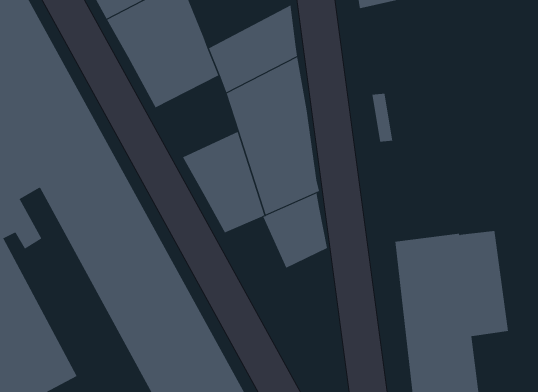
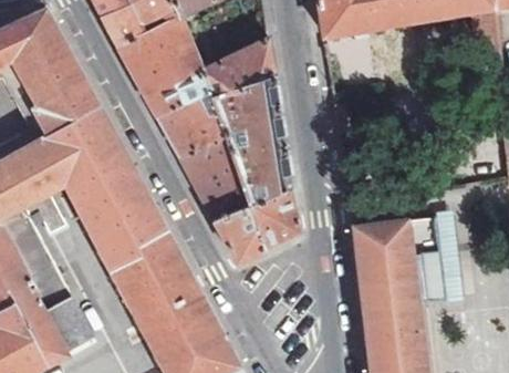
building: none -> [158,92,226,158]
building: none -> [215,207,264,262]

